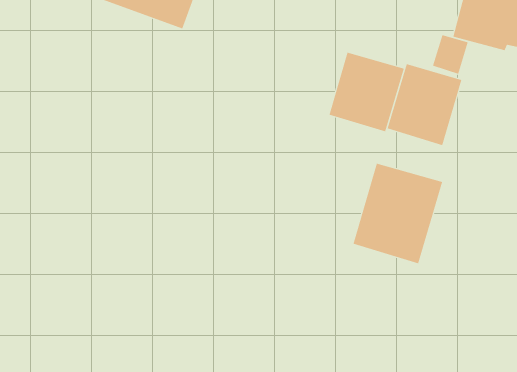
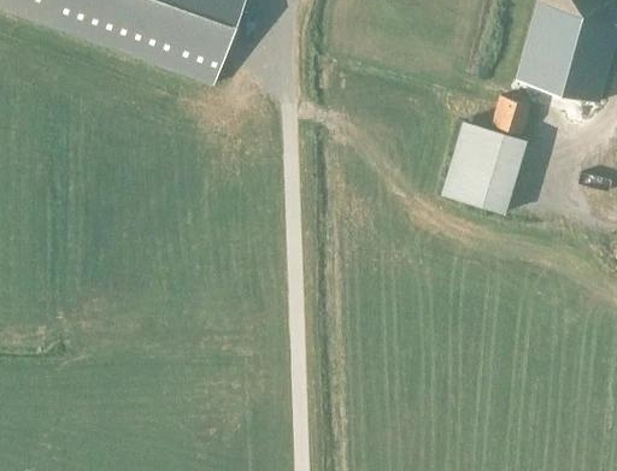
building: [329,52,404,132] -> none
building: [353,163,443,264] -> none

